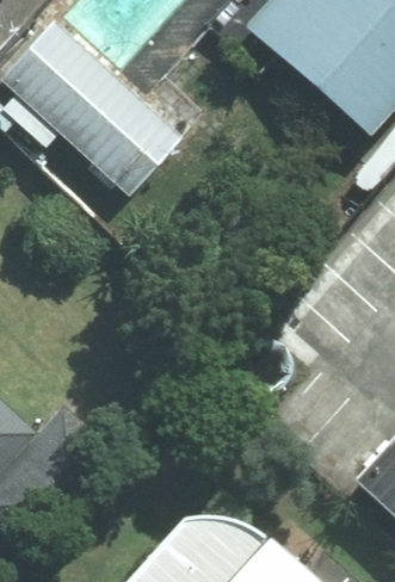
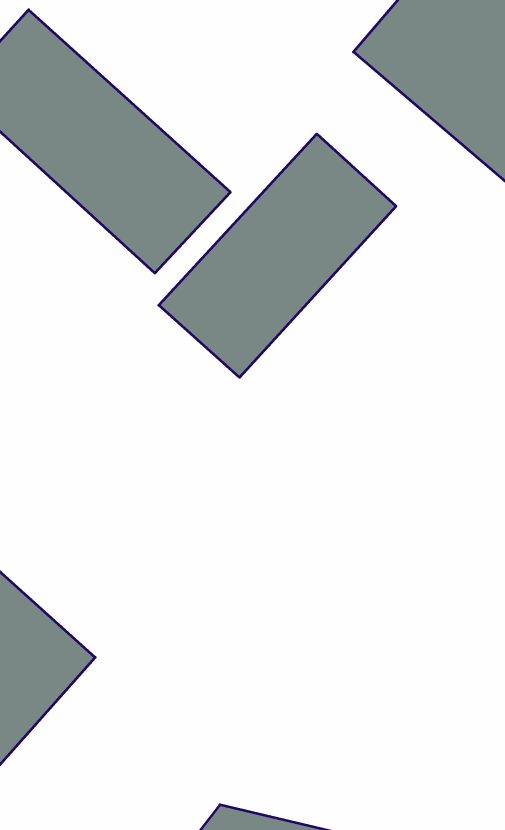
building: none -> [159,134,396,377]

